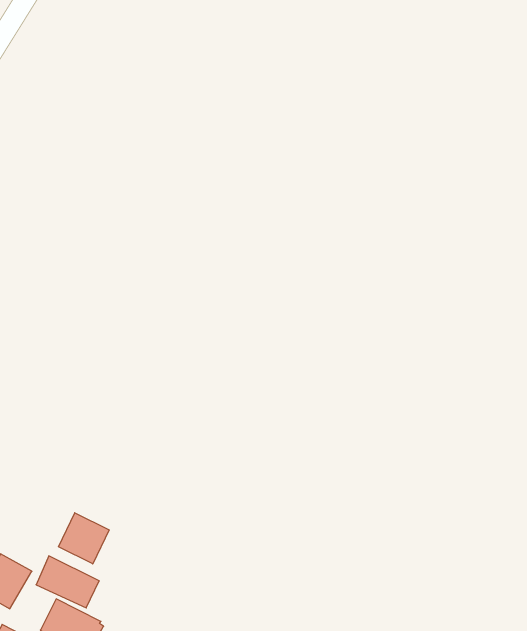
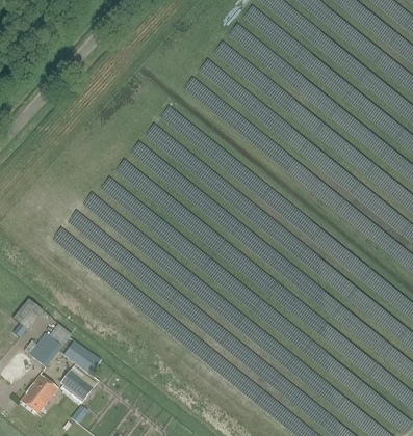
building: [58,513,109,564] -> none

